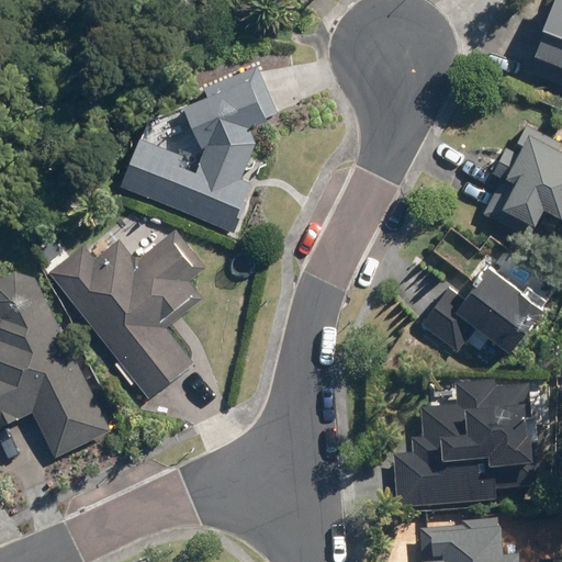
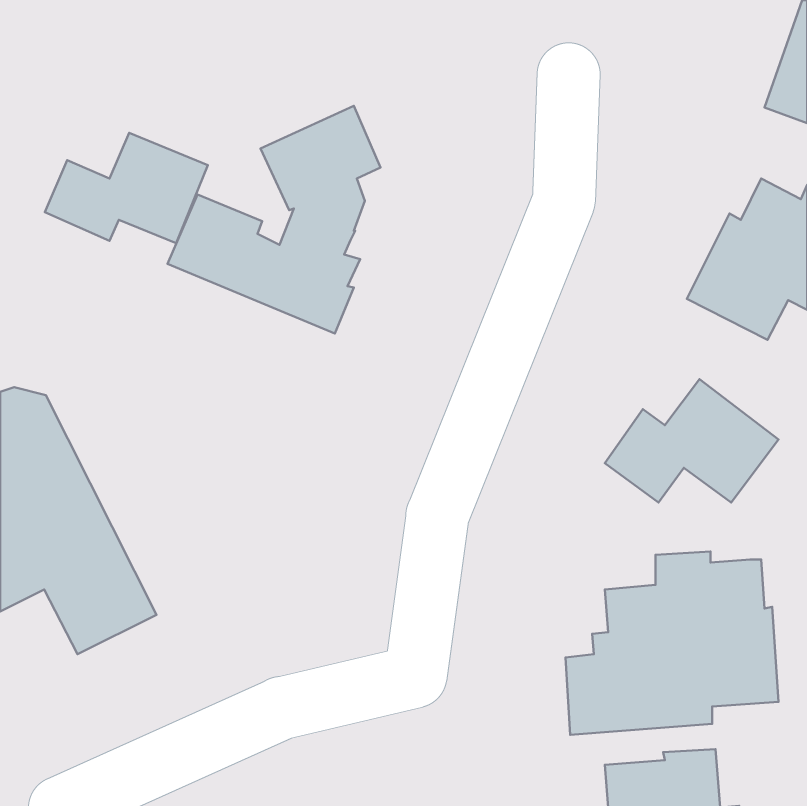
building: none -> [45,133,208,243]
building: [48,228,205,398] -> none

